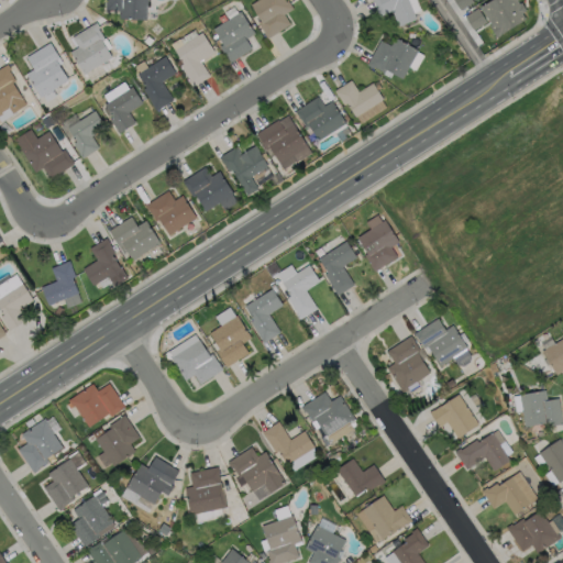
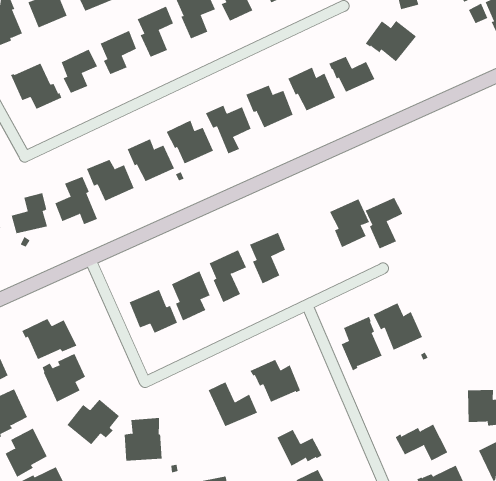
building: [319,242,357,296] -> [365,197,403,249]
building: [430,395,479,439] -> none
building: [229,448,286,501] -> none

